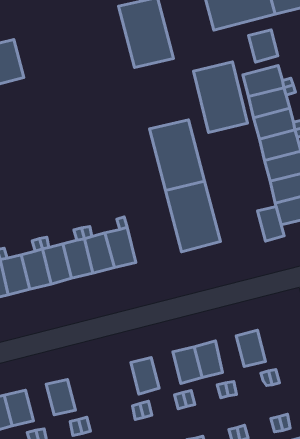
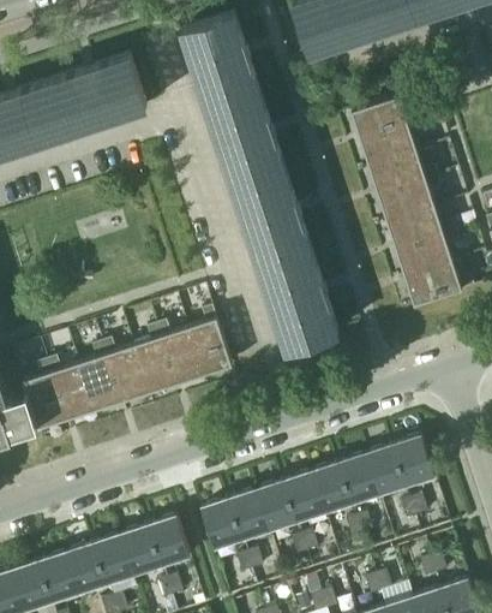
building: none -> [48,58,144,133]
building: [248,30,278,62] -> none
building: [194,62,248,132] -> [209,95,284,190]
building: [258,207,284,241] -> none
building: none -> [394,436,434,486]
building: none -> [340,454,379,504]
building: none -> [257,481,298,530]
building: none -> [202,499,244,548]
building: none -> [149,517,192,566]
building: none -> [95,535,134,584]

